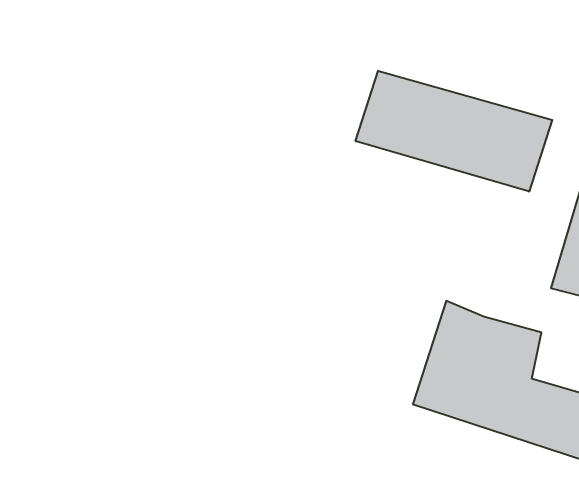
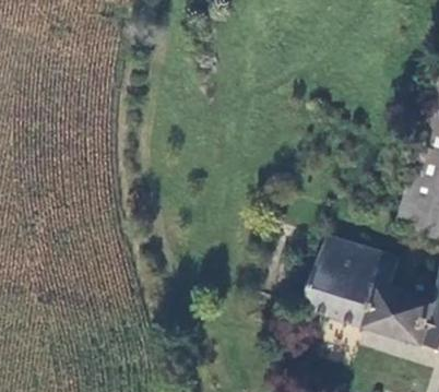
building: [356,71,552,192] -> none

